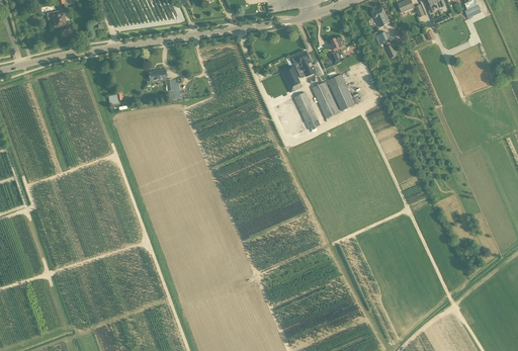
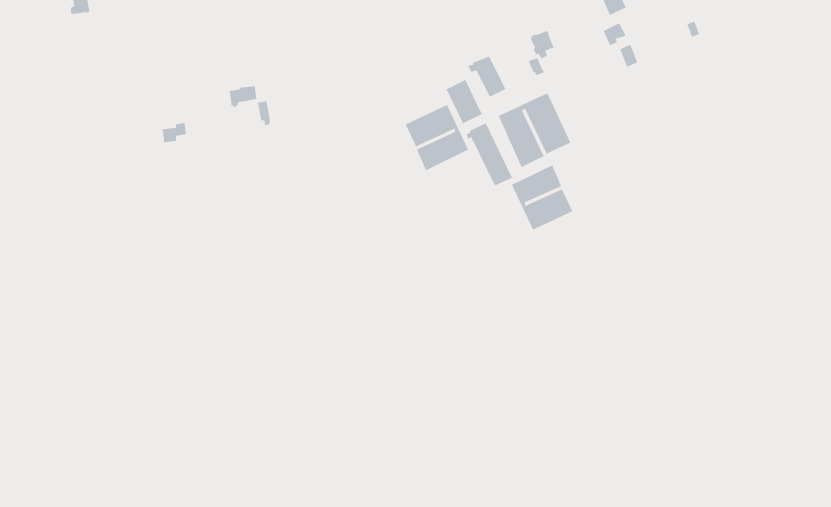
building: none -> [405,104,469,171]
building: none -> [511,164,573,230]

